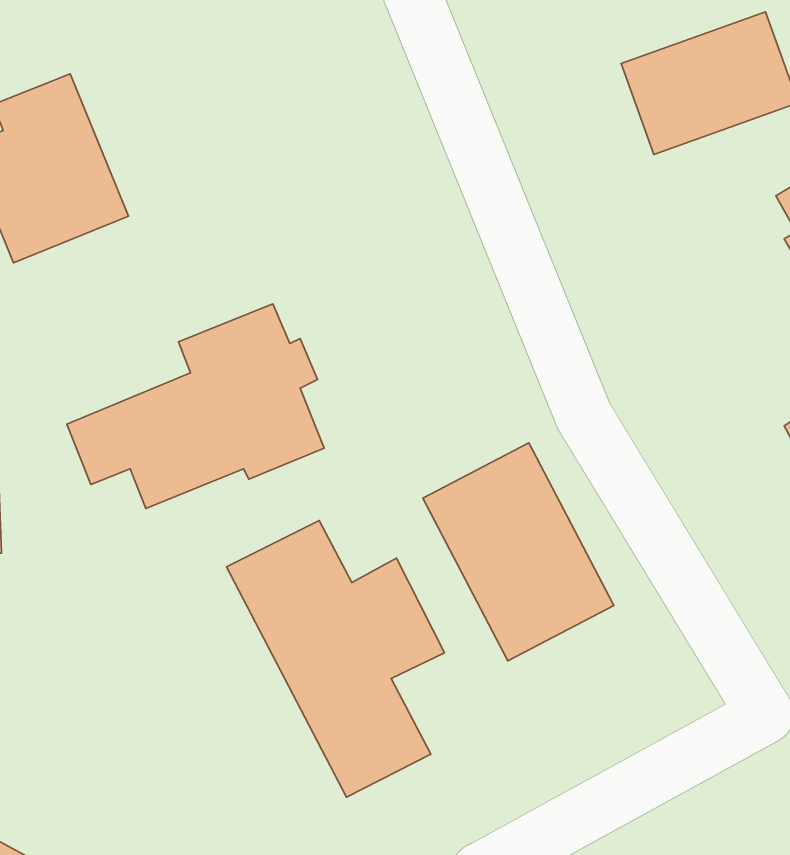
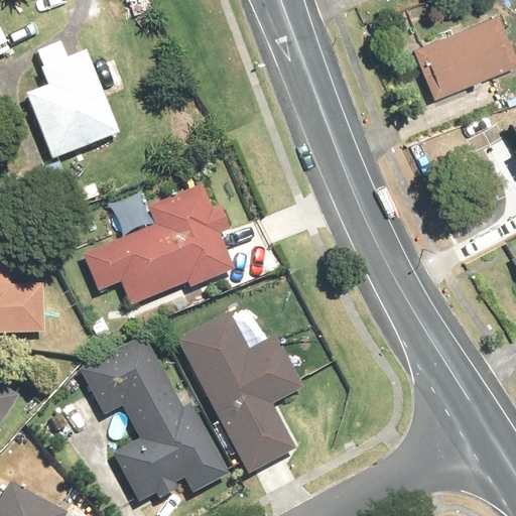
building: [423,443,614,661] -> none
building: none -> [80,334,230,503]

